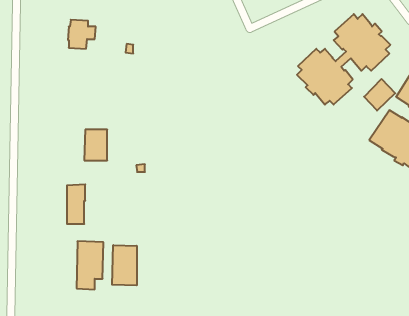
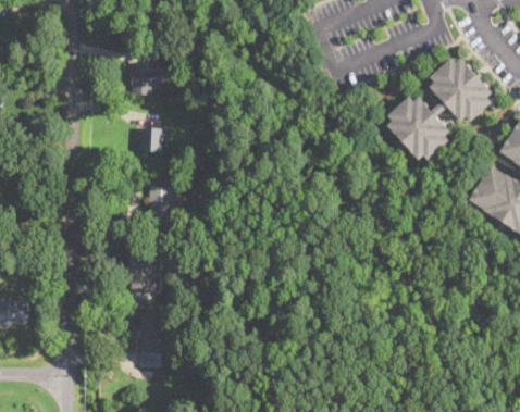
building: none -> [136,126,161,152]
building: [364,79,395,111] -> none
building: [112,245,137,285] -> none

